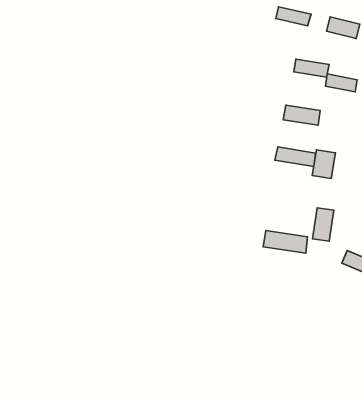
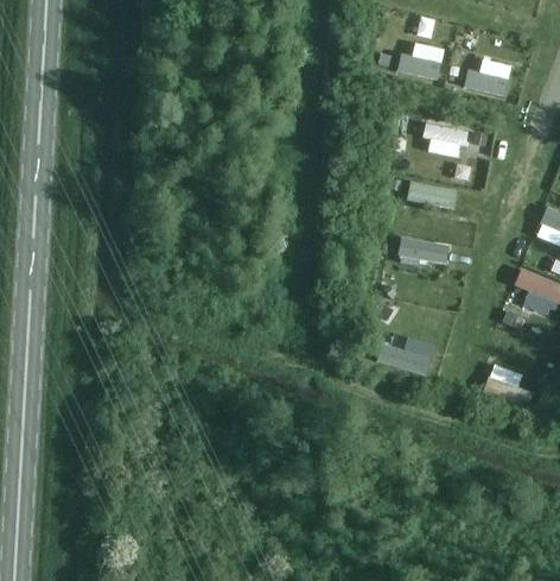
building: [312,150,335,179] -> none
building: [313,208,334,241] -> none

